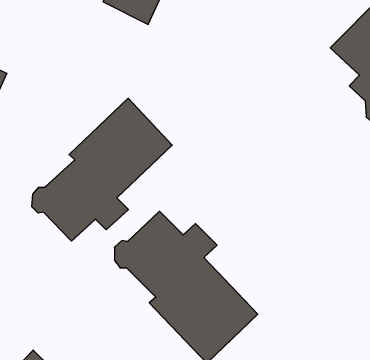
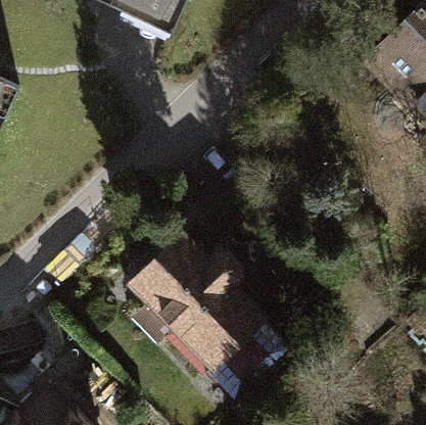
building: [32,98,172,241] -> none

